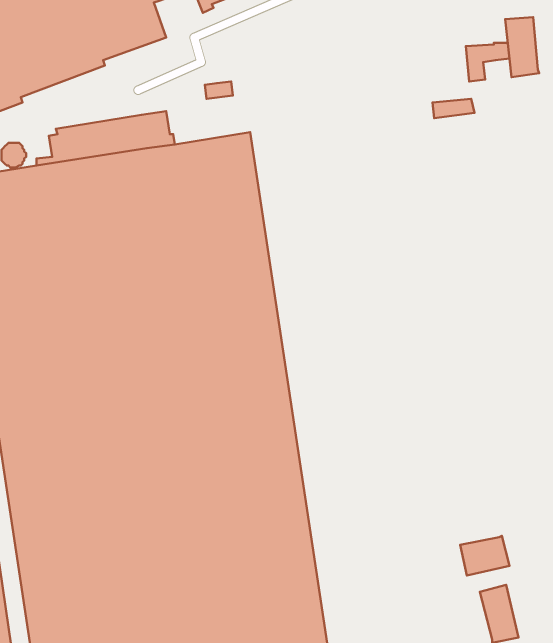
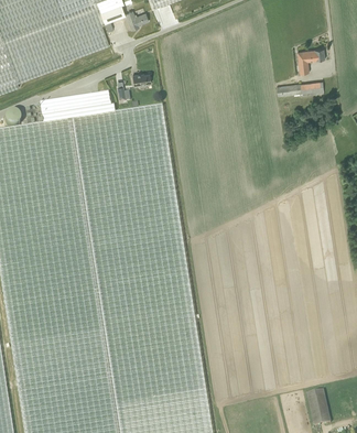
building: [505,17,539,77] -> none
building: [460,536,509,576] -> none

